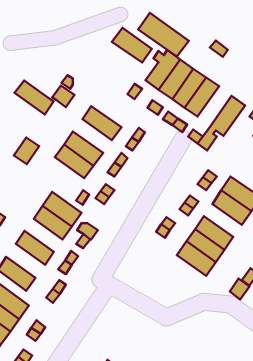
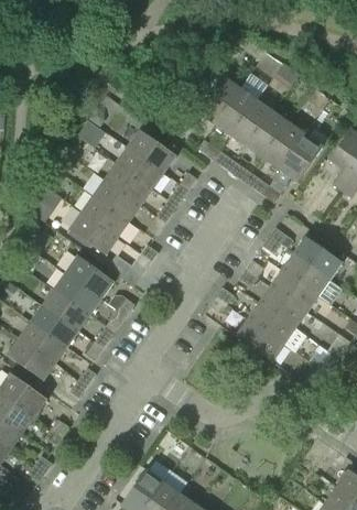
building: [138,13,189,57] -> none
building: [112,28,152,63] -> [126,129,176,173]
building: [15,81,54,114] -> [102,163,152,206]
building: none -> [261,121,304,172]
building: none -> [67,211,117,256]
building: none -> [269,271,317,313]
building: none -> [41,290,89,332]
building: none -> [18,322,67,365]

